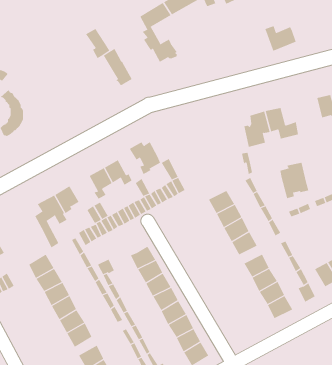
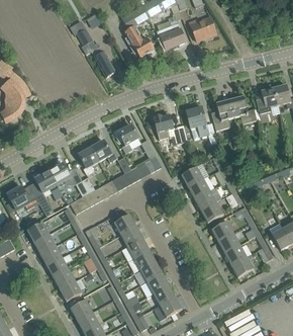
building: none -> [157,22,186,50]
building: [265,25,296,51] -> [189,18,216,40]
building: none -> [186,106,208,135]
building: none -> [154,114,188,144]
building: [280,162,309,199] -> [255,87,280,118]
building: none -> [7,186,39,209]

